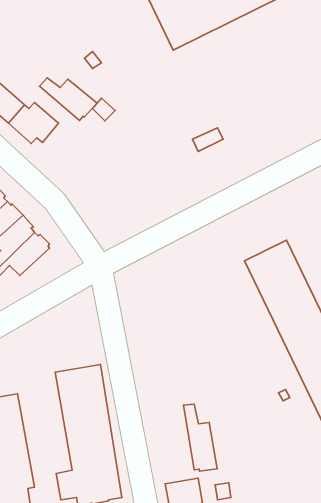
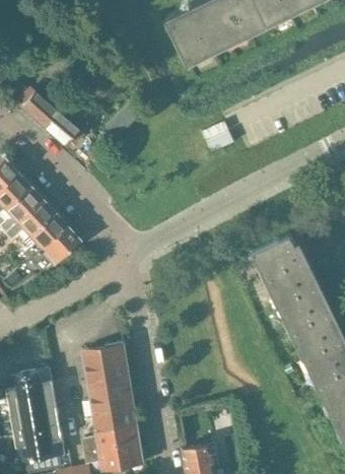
building: [40,78,97,120] -> none
building: [184,404,217,471] -> none

